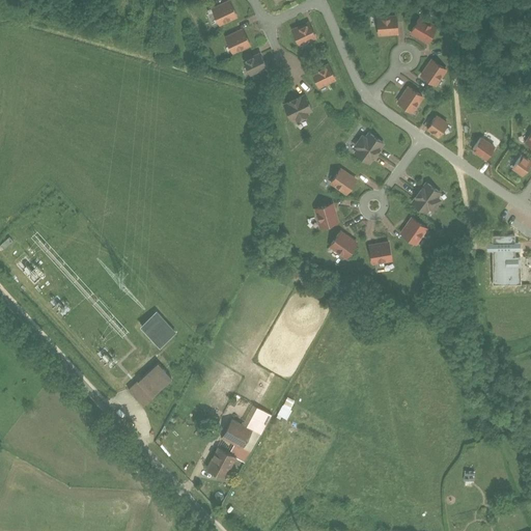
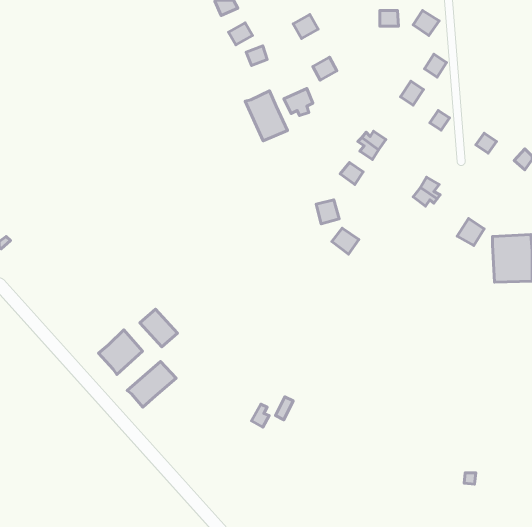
building: none -> [245,91,288,141]
building: [399,218,426,245] -> [457,219,484,246]
building: [369,245,391,266] -> none
building: none -> [98,330,142,374]
building: [204,423,251,483] -> none

